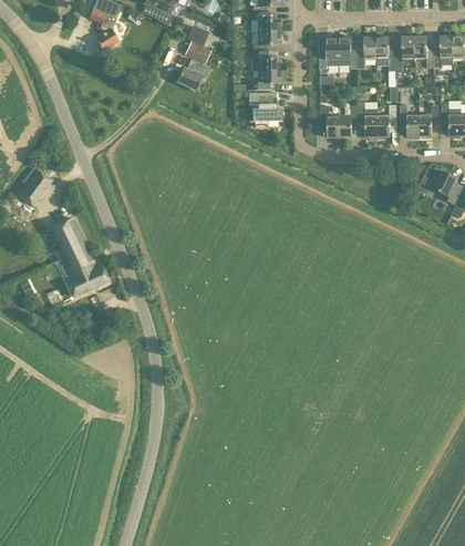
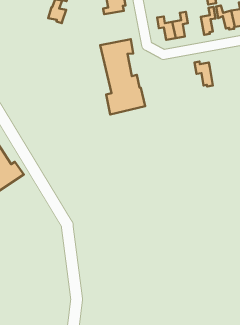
building: [248,91,281,125] -> none
building: [359,104,378,138] -> [194,62,213,86]
building: none -> [100,39,145,114]

